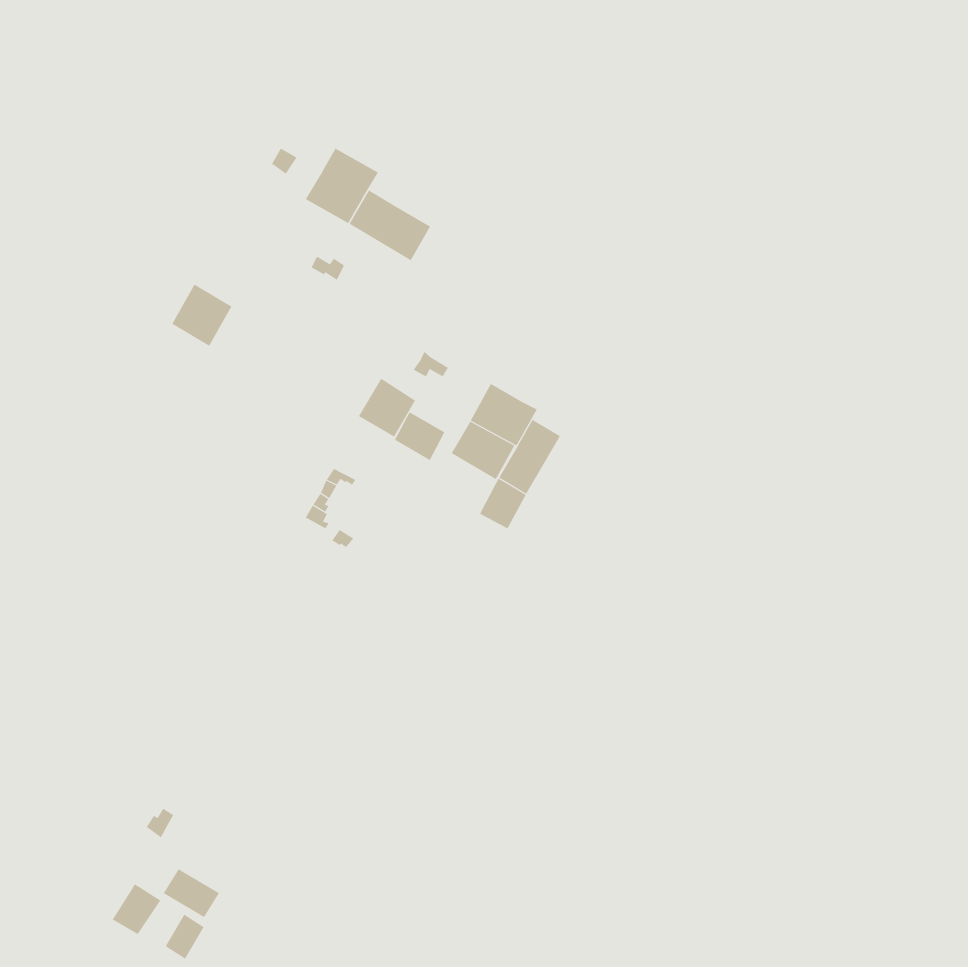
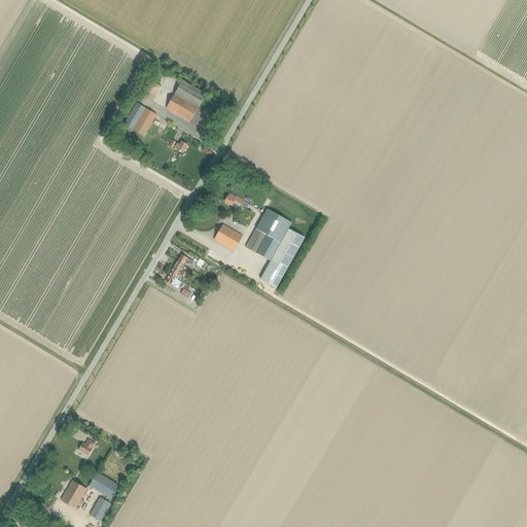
building: [349,189,431,261] -> none
building: [172,284,232,346] -> [124,102,156,136]
building: [358,378,416,438] -> none

